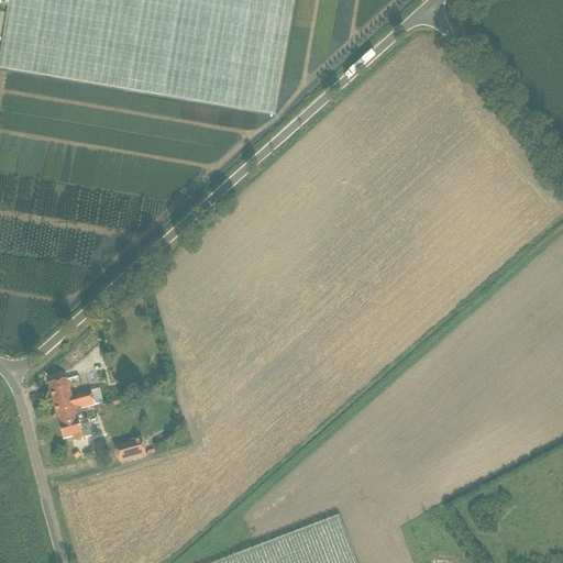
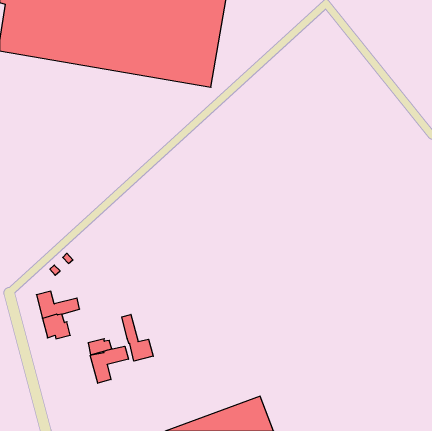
building: none -> [122,314,153,361]
building: none -> [90,346,128,383]

